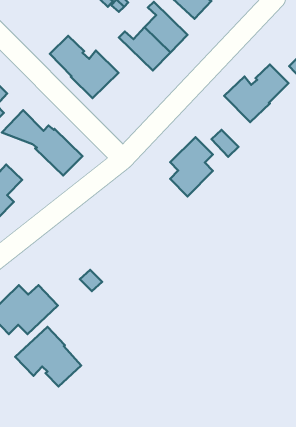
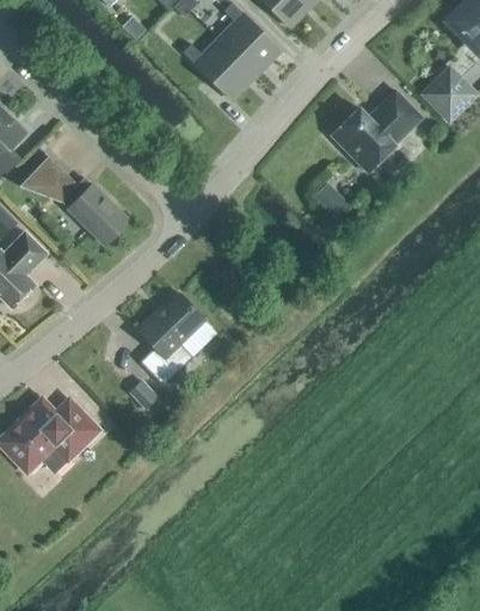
building: [50,36,119,98] -> none
building: [170,137,213,196] -> none
building: none -> [136,292,205,385]
building: [15,327,81,387] -> none

